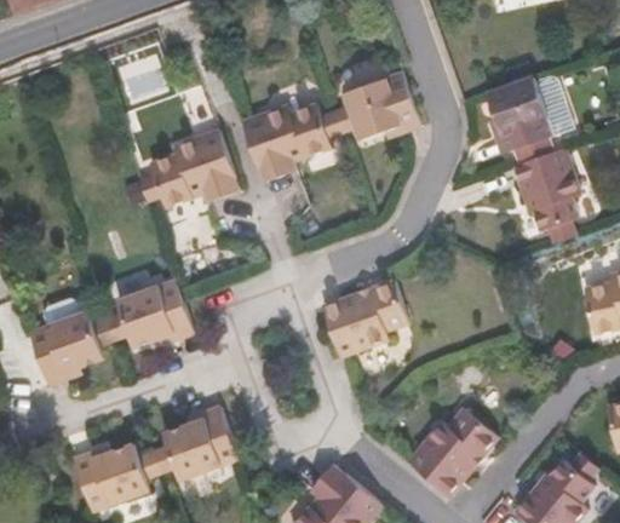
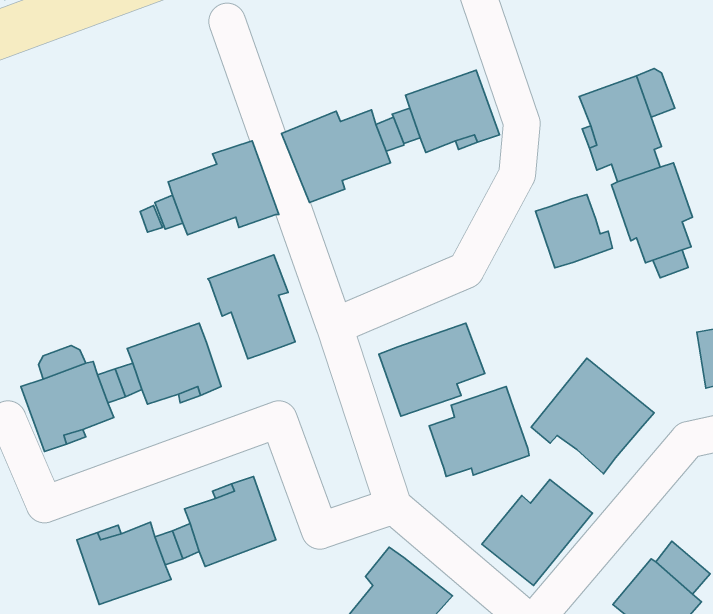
building: none -> [535,194,612,268]
building: none -> [208,255,295,359]
building: none -> [531,358,654,474]
building: none -> [429,387,529,477]

